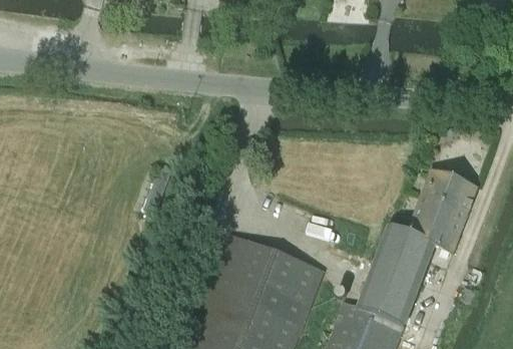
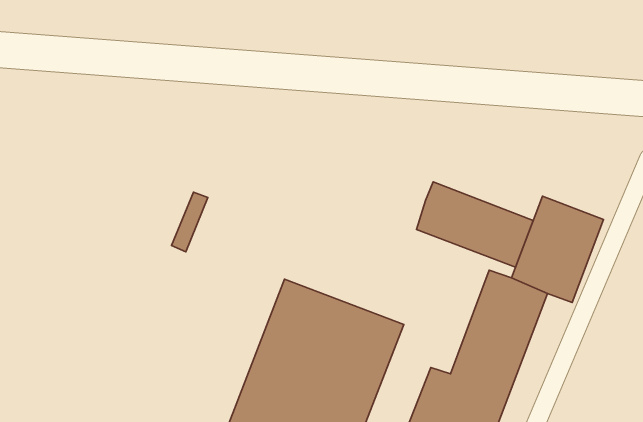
building: none -> [417,182,533,267]

